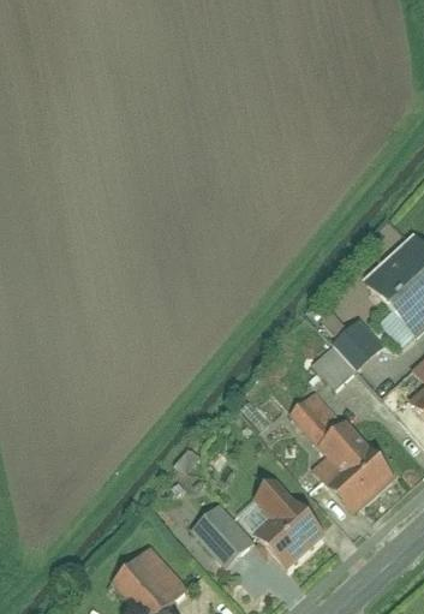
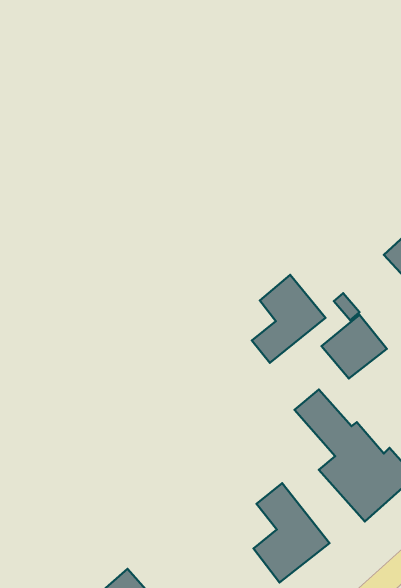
building: none -> [252,275,325,363]
building: [196,506,252,565] -> none

